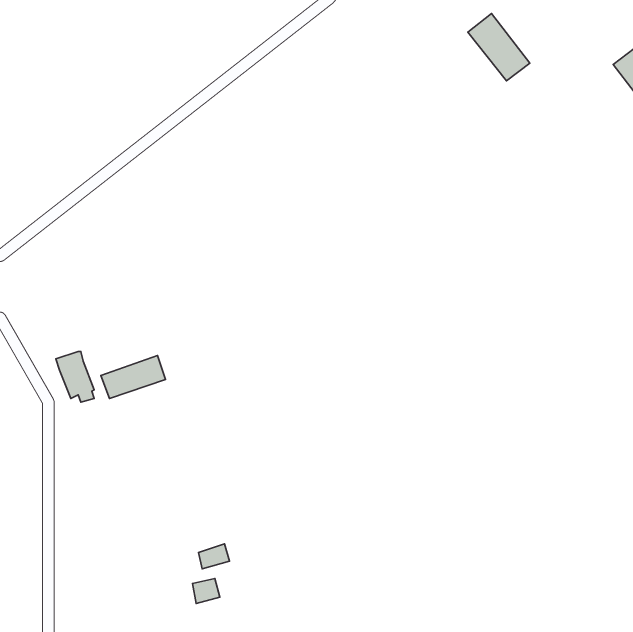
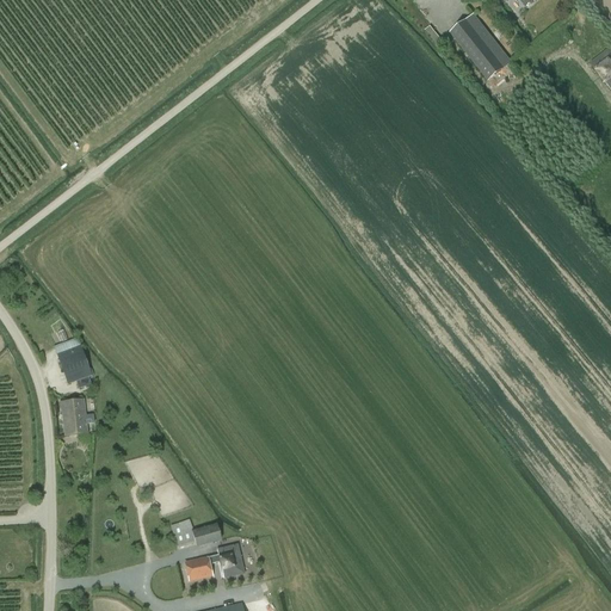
building: [101,356,166,399] -> none
building: none -> [62,399,95,434]
building: none -> [221,544,243,572]

